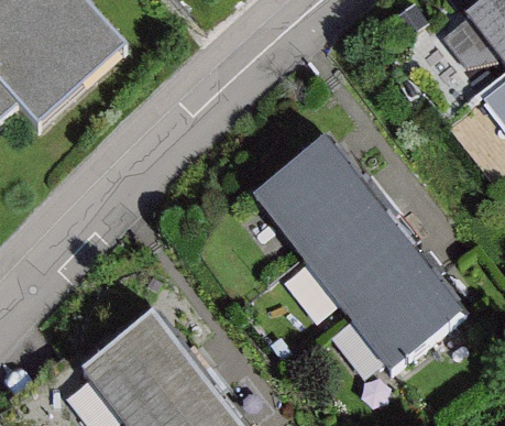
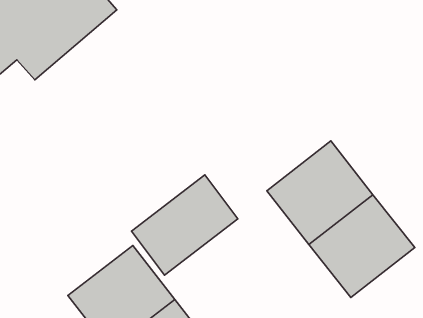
building: [251,135,367,249] -> none
building: none -> [131,175,238,275]

